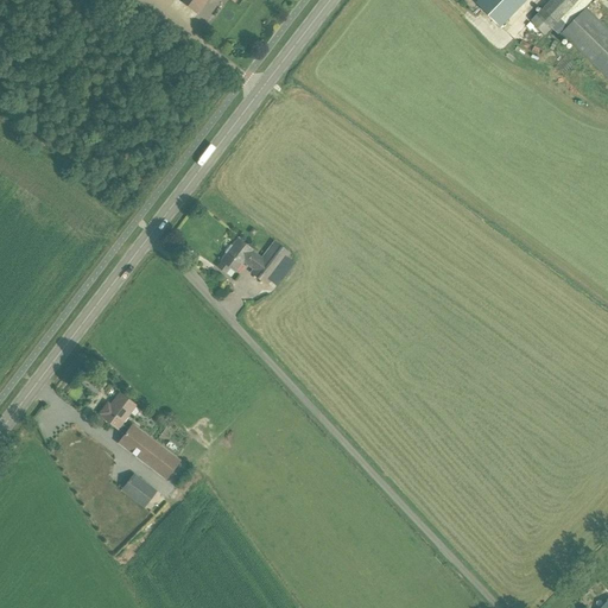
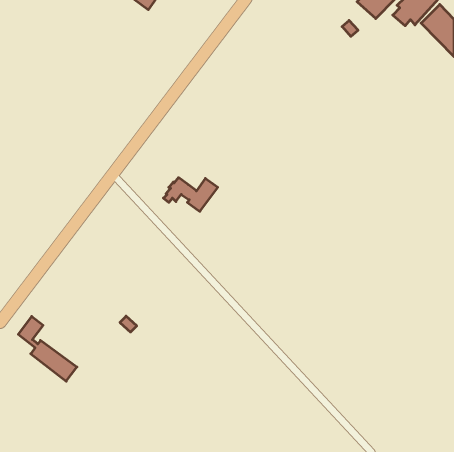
building: [102,391,180,477] -> [18,316,77,381]
building: [121,471,157,506] -> none

